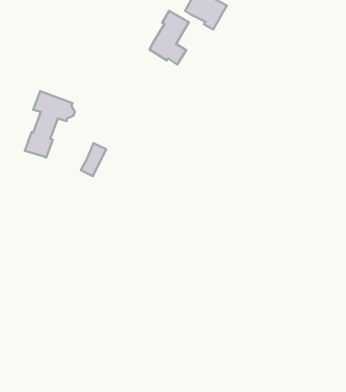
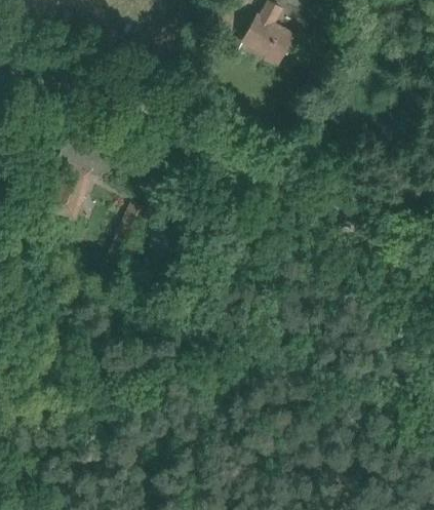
building: [149,11,189,65] -> none

